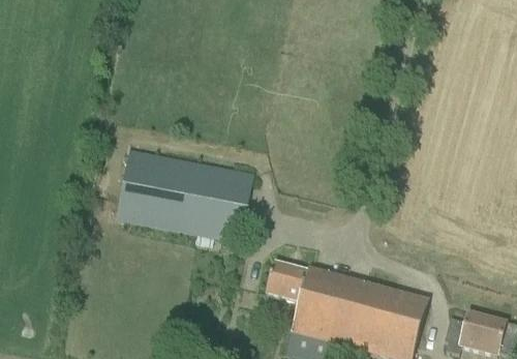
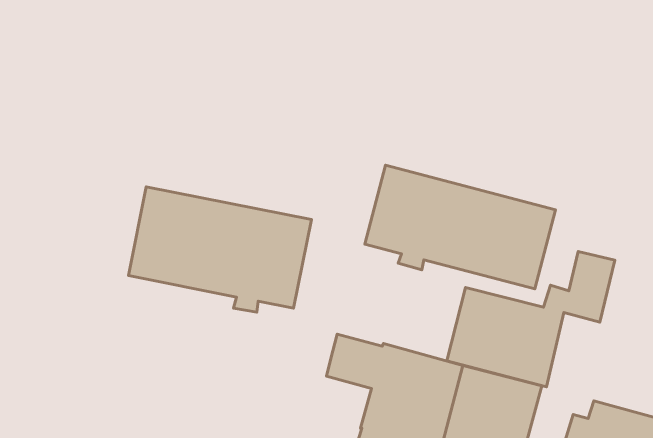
building: none -> [365,165,555,289]
building: none -> [447,251,615,387]

